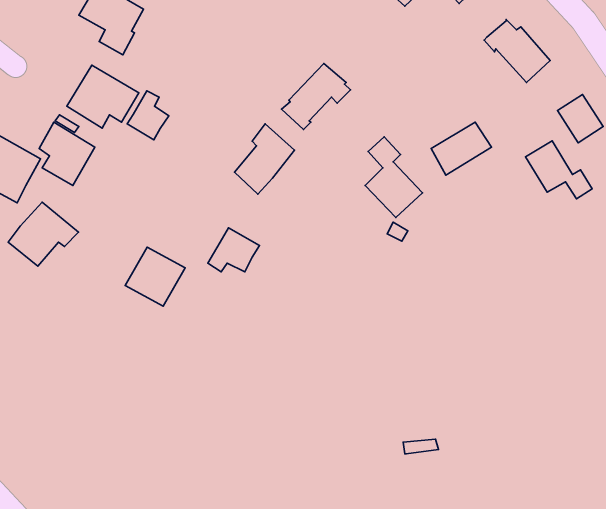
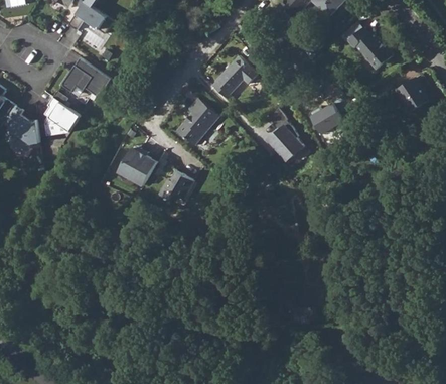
building: [127,91,169,140] -> none
building: [526,141,592,199] -> none
building: [8,202,79,266] -> none
building: [125,247,185,306] -> [117,147,158,187]

